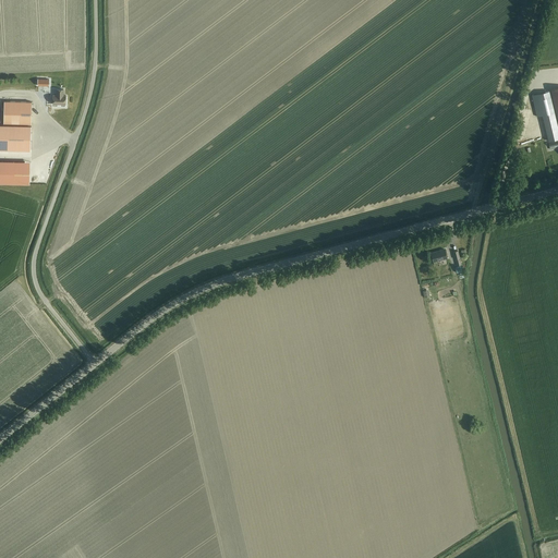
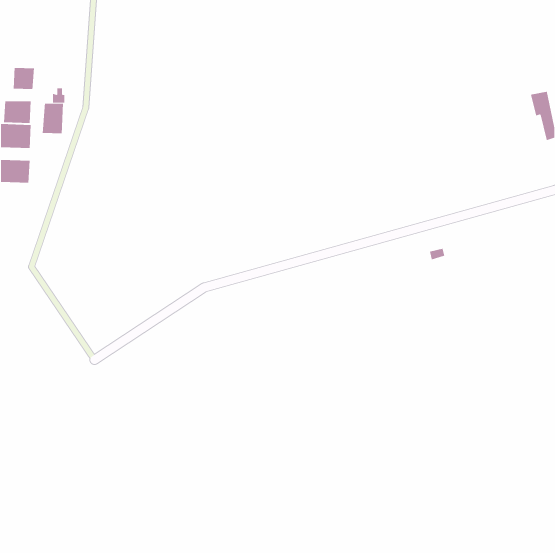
building: none -> [13,67,35,90]
building: none -> [42,103,63,134]

